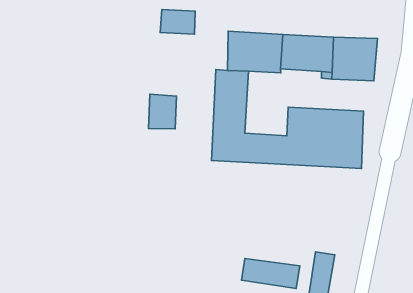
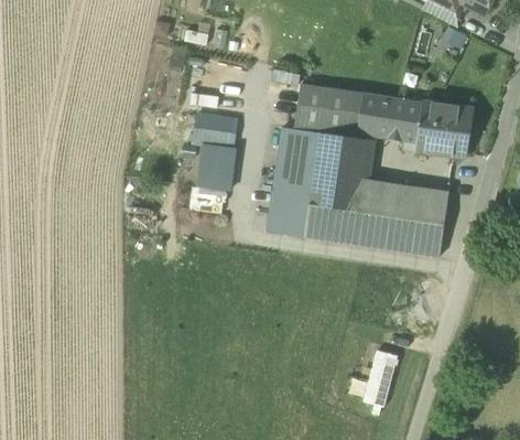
building: [160,10,195,34] -> [193,115,236,147]
building: none -> [308,131,371,211]
building: [242,259,300,289] -> none

